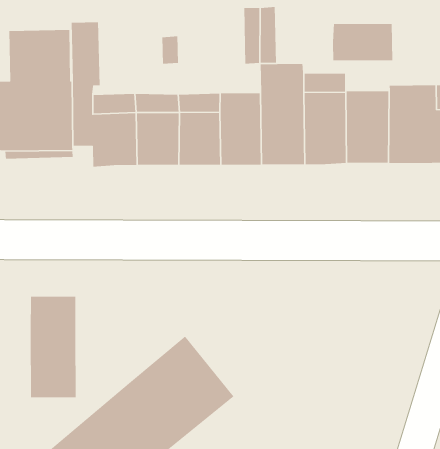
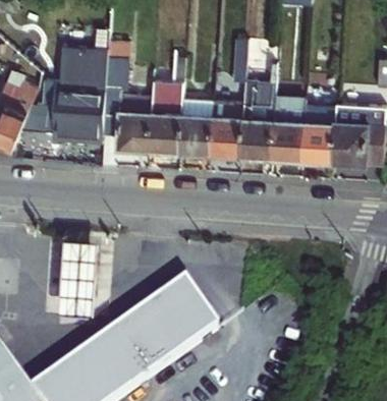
building: [332,23,393,61] -> none

